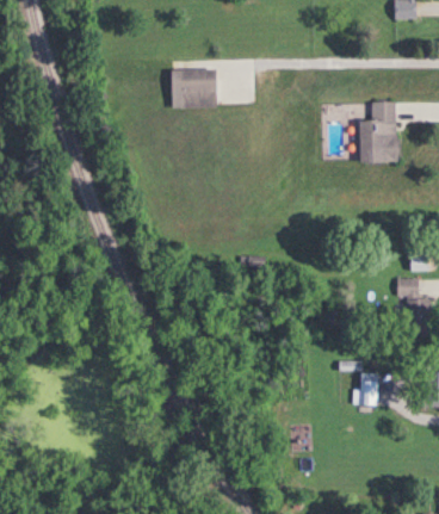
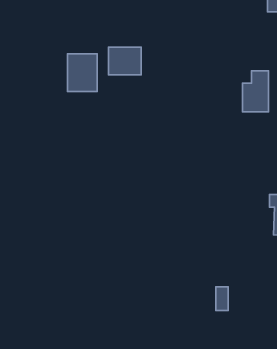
building: none -> [67,54,97,91]
building: [360,371,378,404] -> [216,287,228,310]

